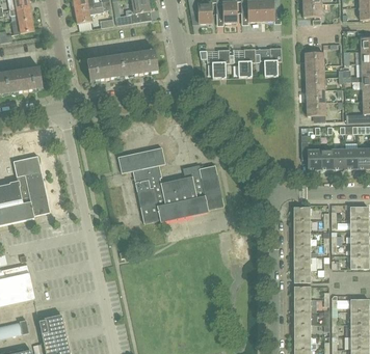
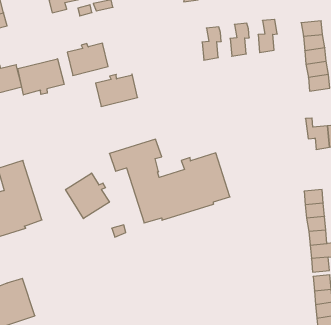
building: [121,48,158,76] -> [96,74,138,106]
building: none -> [18,59,64,95]
building: none -> [66,173,109,219]

